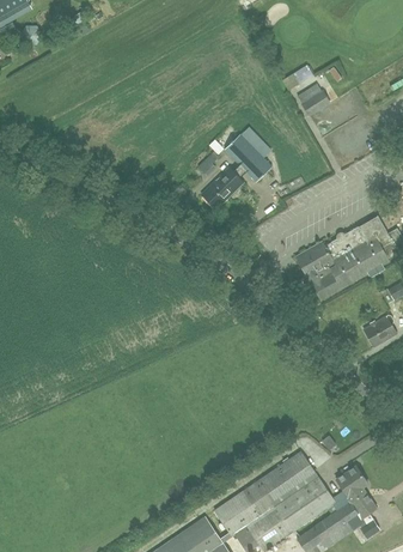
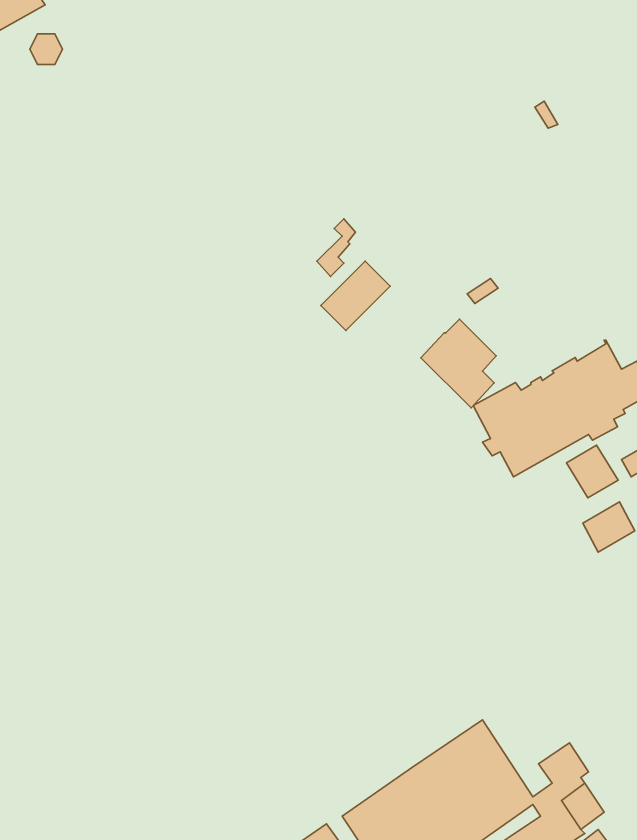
building: [295,83,330,115] -> none
building: [225,126,271,181] -> [421,319,496,408]
building: none -> [566,445,618,498]

